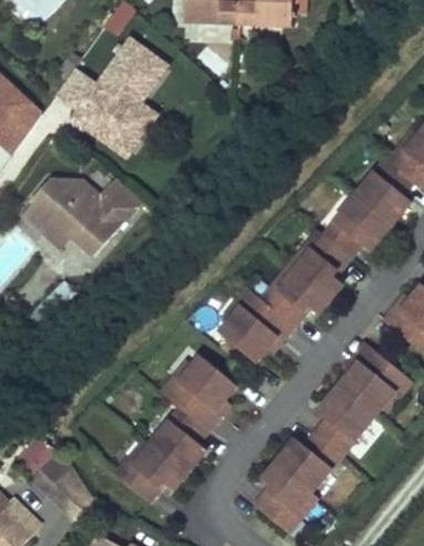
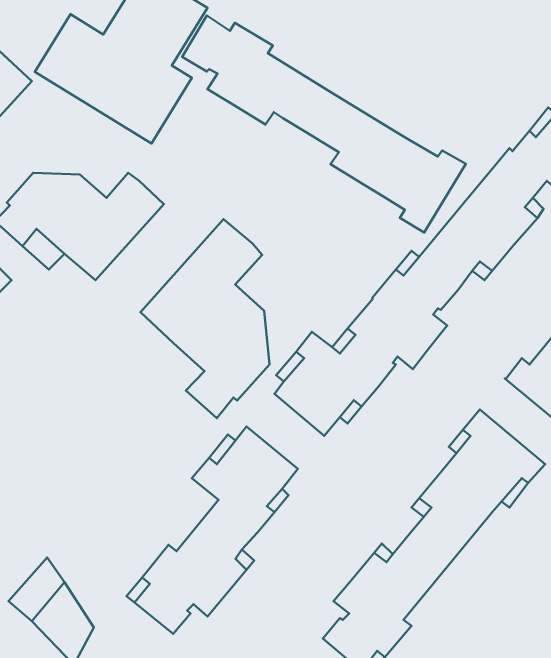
building: none -> [182,16,466,233]
building: none -> [141,219,269,418]

